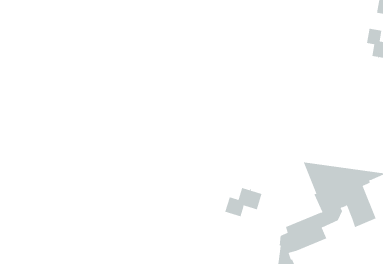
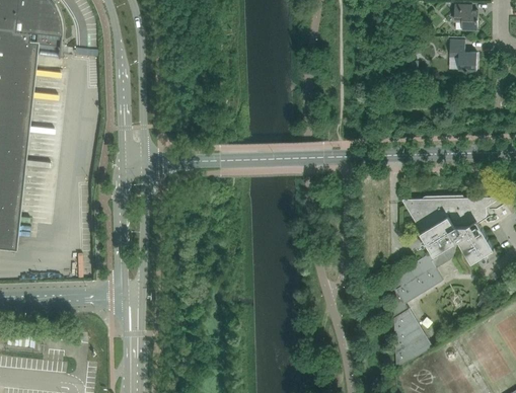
building: [225,187,262,217] -> none

